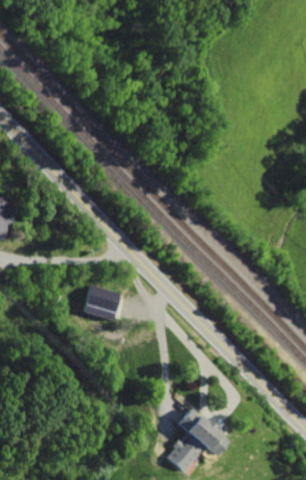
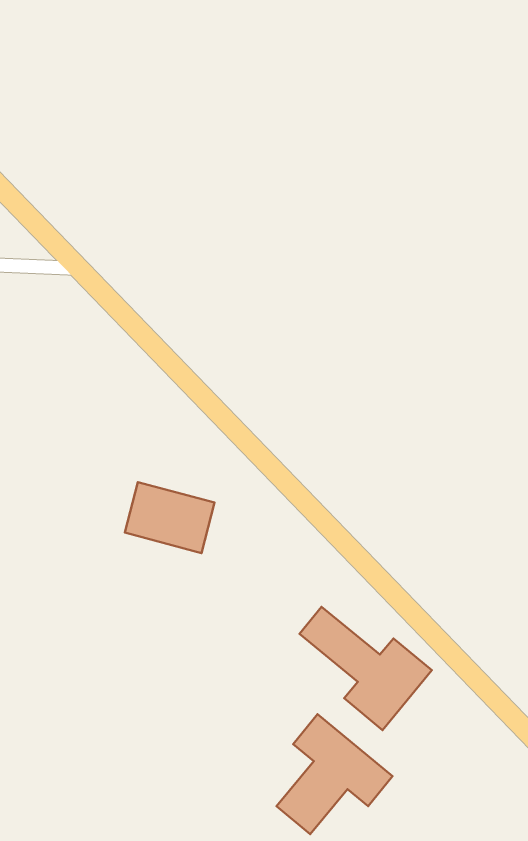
building: none -> [299,607,432,730]

